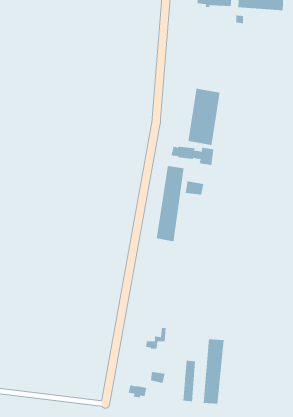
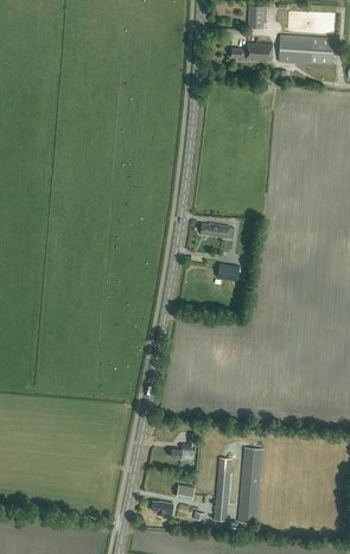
building: [188,88,220,146] -> none
building: [156,165,184,242] -> none

